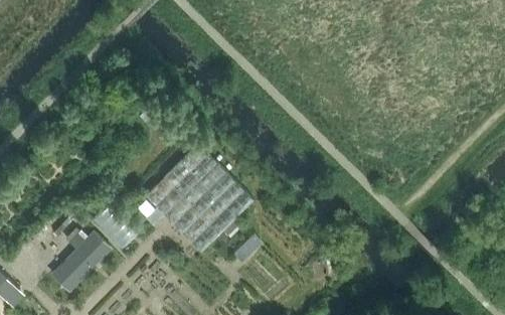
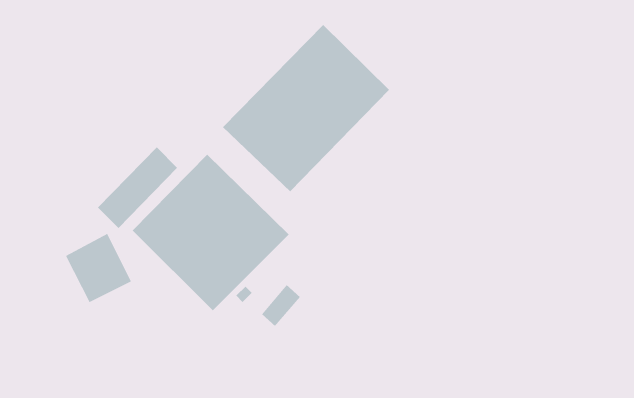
building: none -> [222,24,390,192]
building: [52,233,110,292] -> [97,147,178,229]

